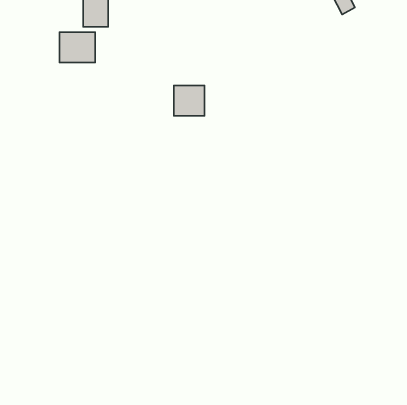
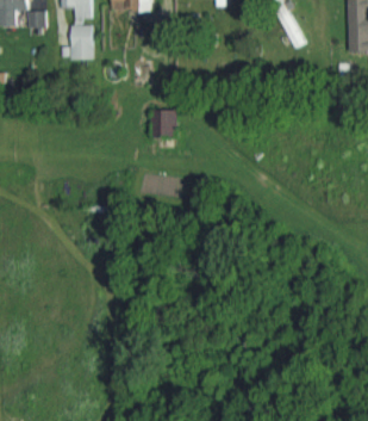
building: [59,32,95,63] -> none

